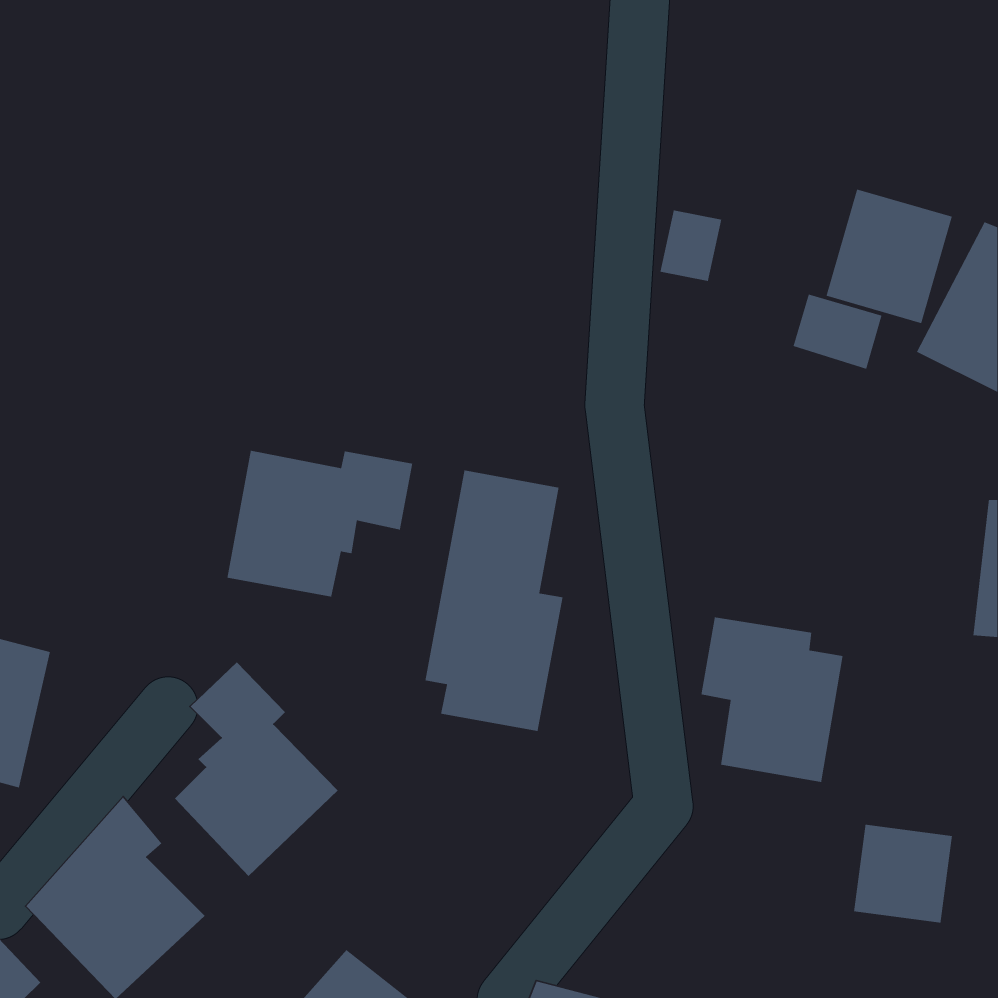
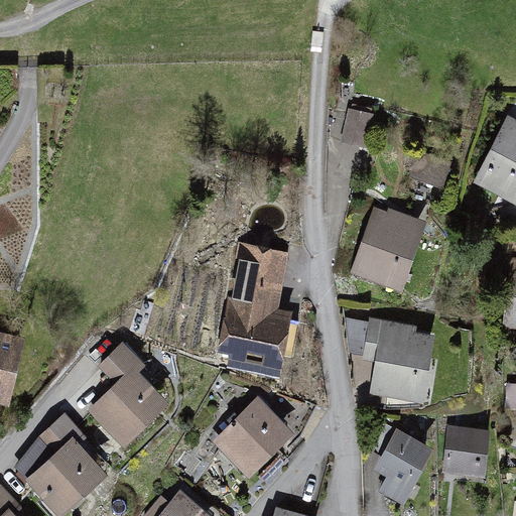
building: [825,188,953,324] -> none
building: none -> [350,203,426,291]
building: [226,450,413,597] -> none
building: none -> [212,395,293,478]
building: none -> [373,429,435,508]

